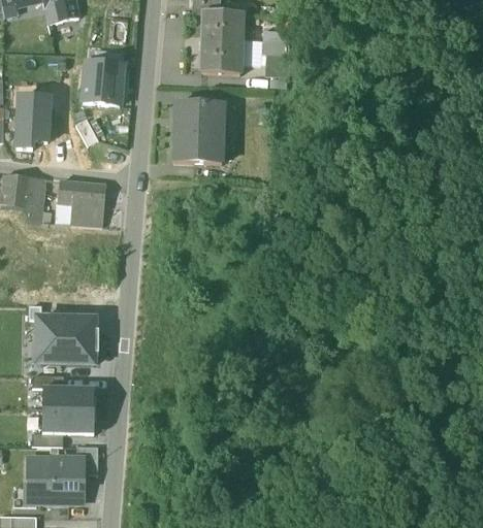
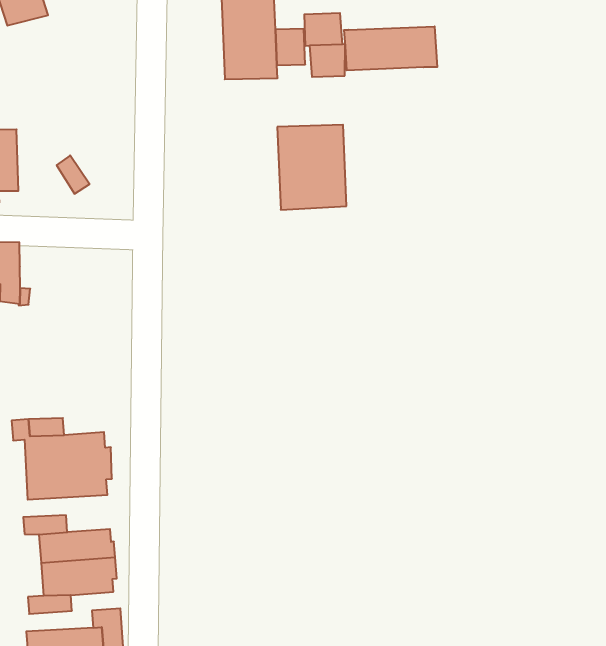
building: none -> [344,26,437,70]
building: [83,61,122,105] -> none
building: [173,101,223,162] -> [277,125,346,210]
building: [57,179,106,227] -> none

